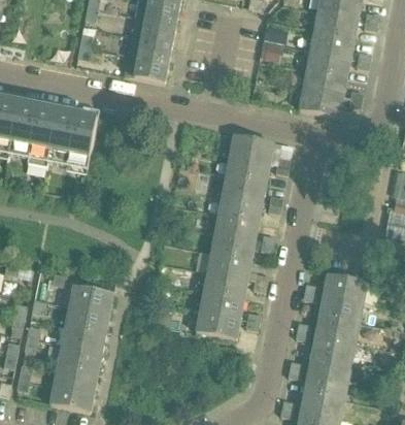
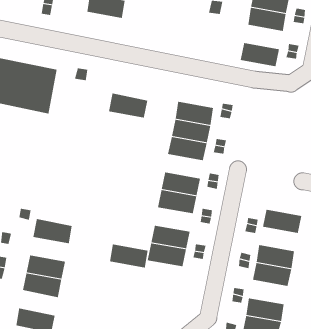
building: [125,54,169,80] -> none
building: [303,68,347,95] -> none
building: [230,132,274,160] -> [108,93,148,118]
building: [215,211,259,238] -> none
building: [204,270,247,297] -> [109,244,148,268]
building: [319,292,364,319] -> none
building: [66,303,110,330] -> none
building: [308,351,352,378] -> none
building: [54,362,98,390] -> none

